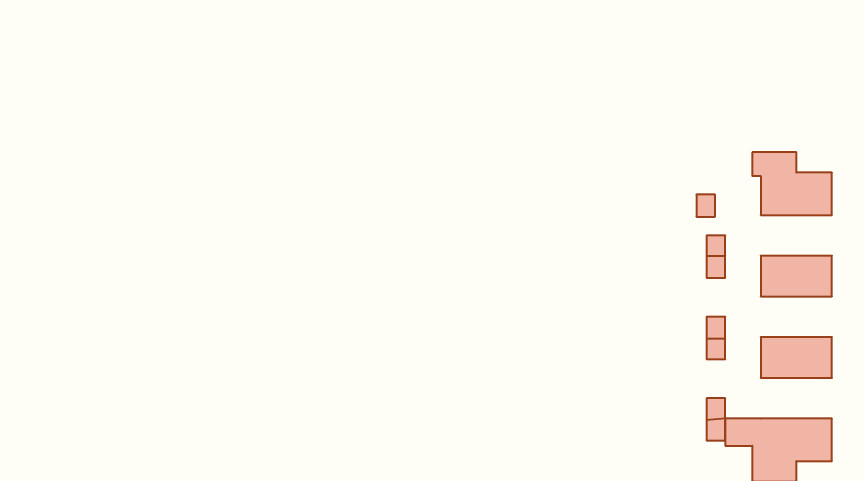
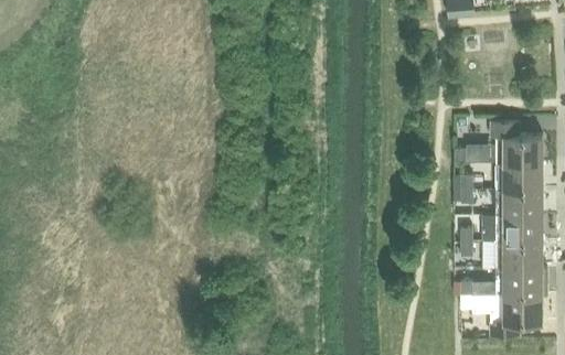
building: none -> [497,161,543,187]
building: none -> [497,214,543,240]
building: none -> [497,267,548,293]

